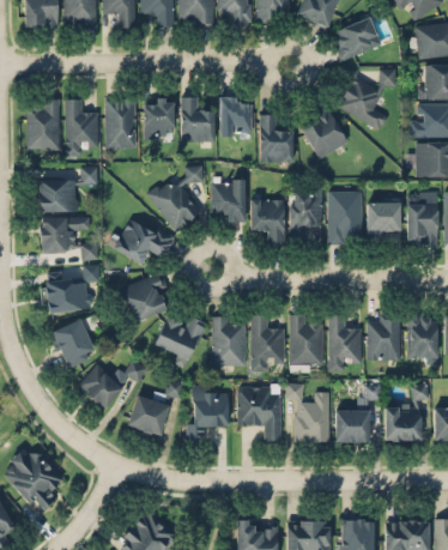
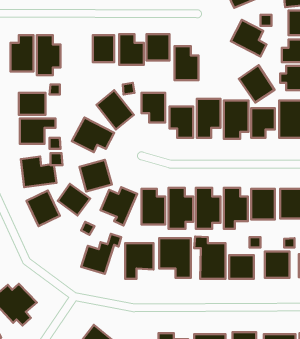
building: [107,98,137,147] -> none
building: [298,105,349,158] -> [239,65,275,102]
building: [78,363,123,407] -> [58,184,90,215]

